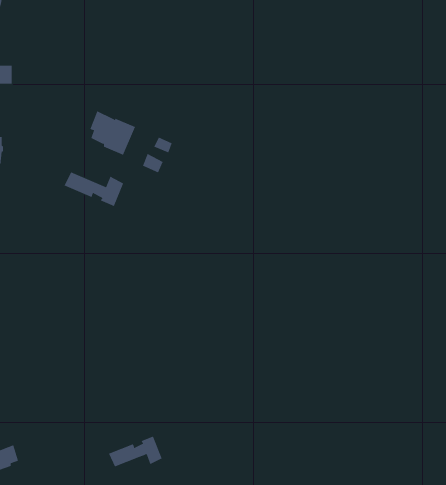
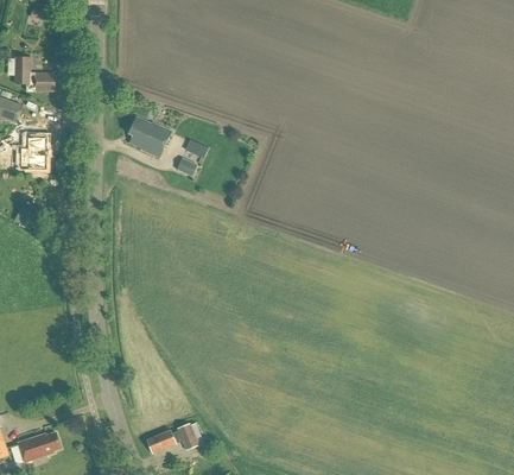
building: [64,171,124,207] -> none

